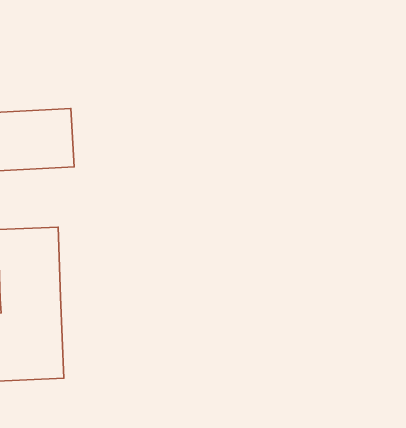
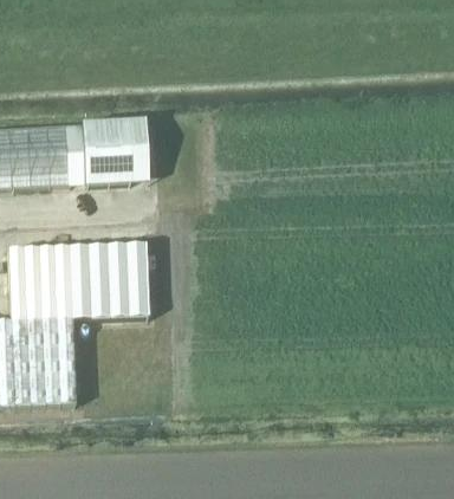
building: none -> [83,117,149,182]
building: none -> [70,241,149,317]

